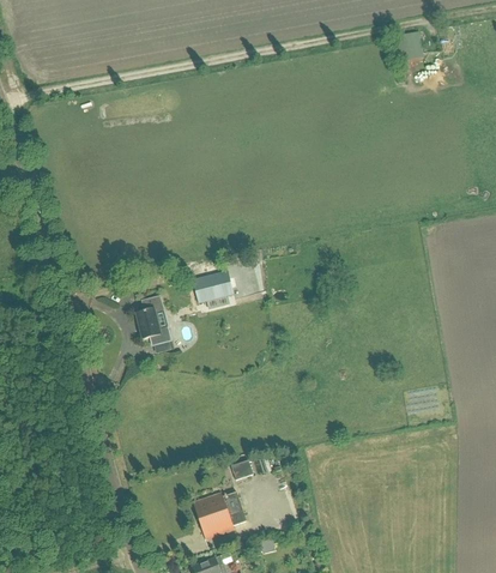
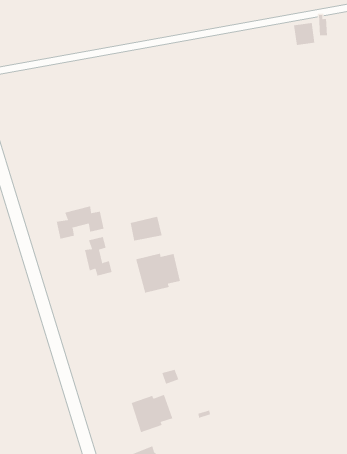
building: none -> [56,205,104,240]
building: none -> [136,253,180,293]

